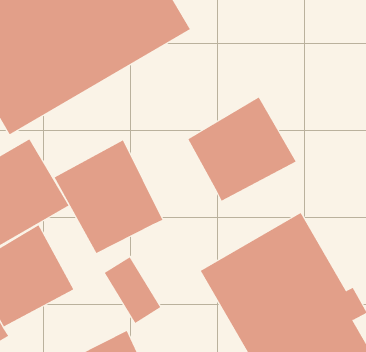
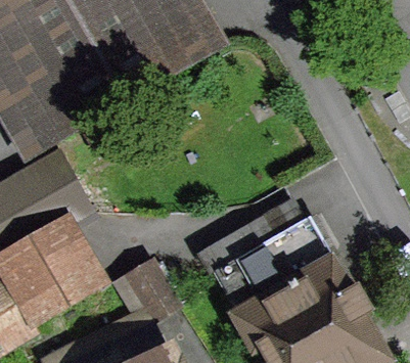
building: [188,97,297,201] -> none
building: [54,139,163,254] -> none

